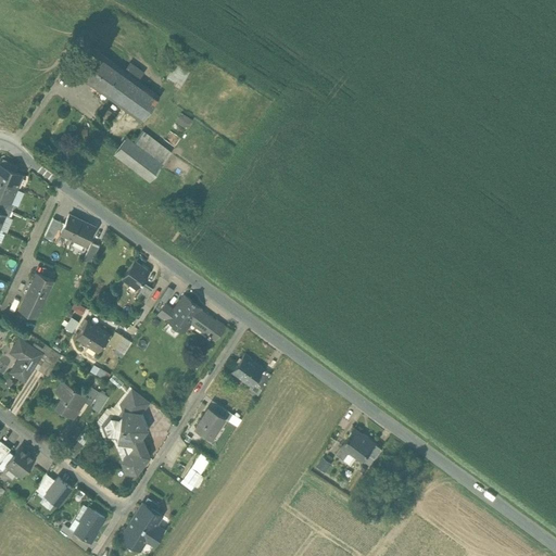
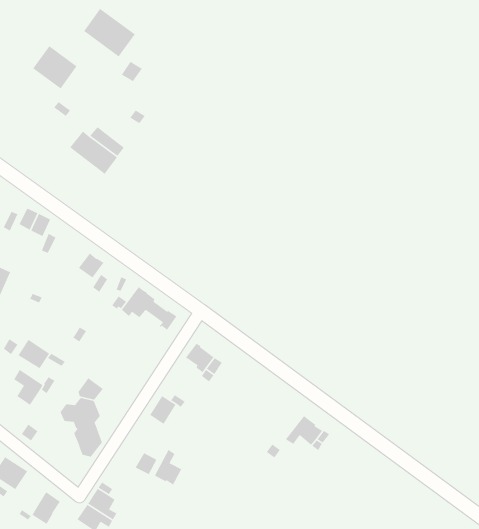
building: [104,71,159,122] -> [83,8,136,57]
building: [76,321,110,353] -> [18,339,50,369]
building: none -> [154,449,182,487]

